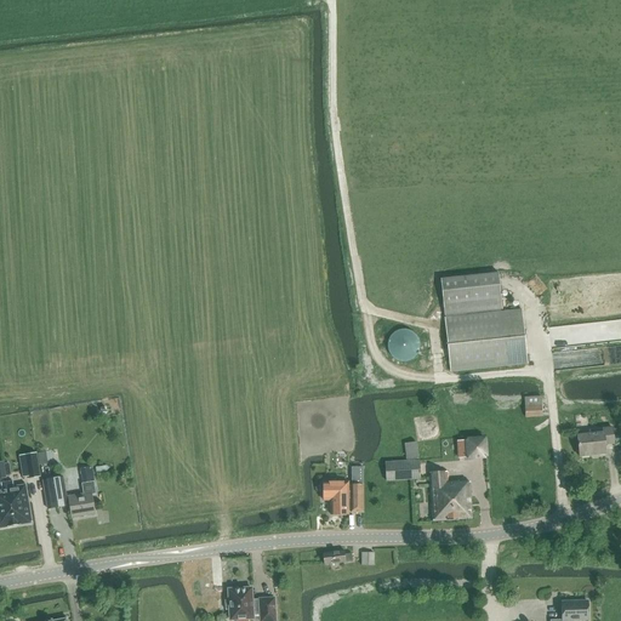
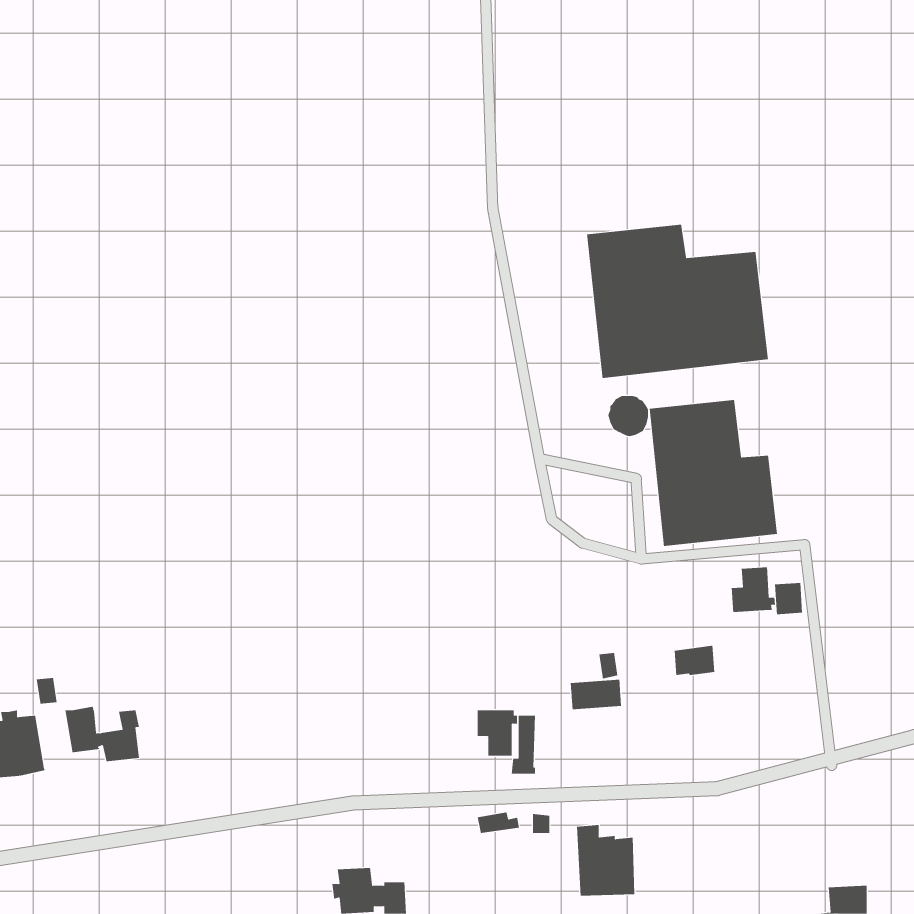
building: none -> [586,224,768,379]
building: [392,330,420,358] -> [608,395,649,437]
building: none -> [731,567,775,613]
building: [576,425,614,455] -> none
building: [431,472,471,520] -> [576,825,635,896]

